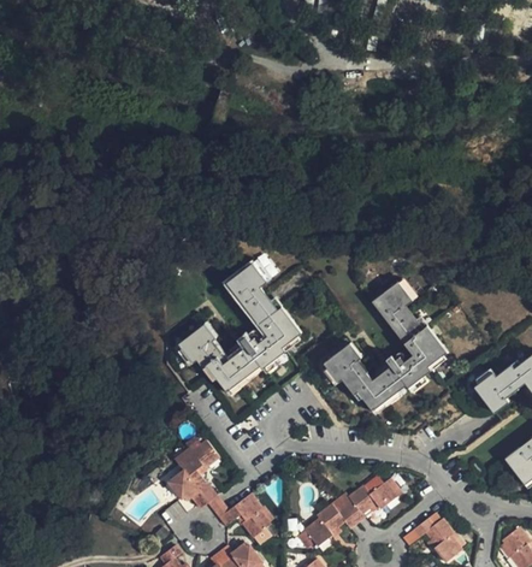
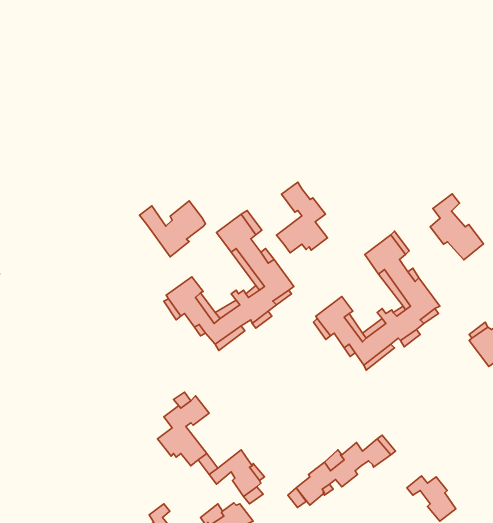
building: none -> [277,182,328,253]
building: none -> [430,194,483,260]
building: none -> [140,201,205,257]

